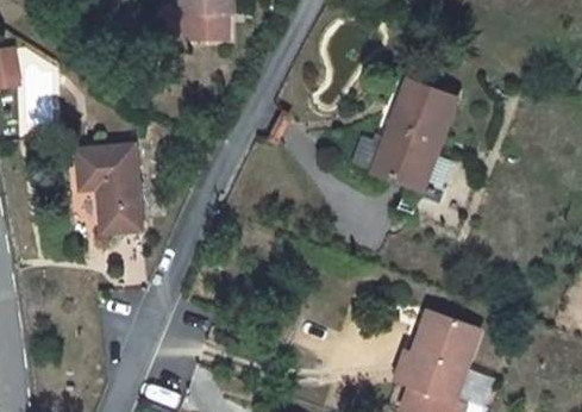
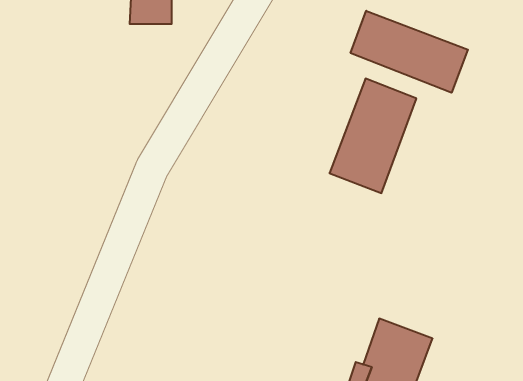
building: none -> [351,11,468,93]
building: [73,138,131,224] -> none

